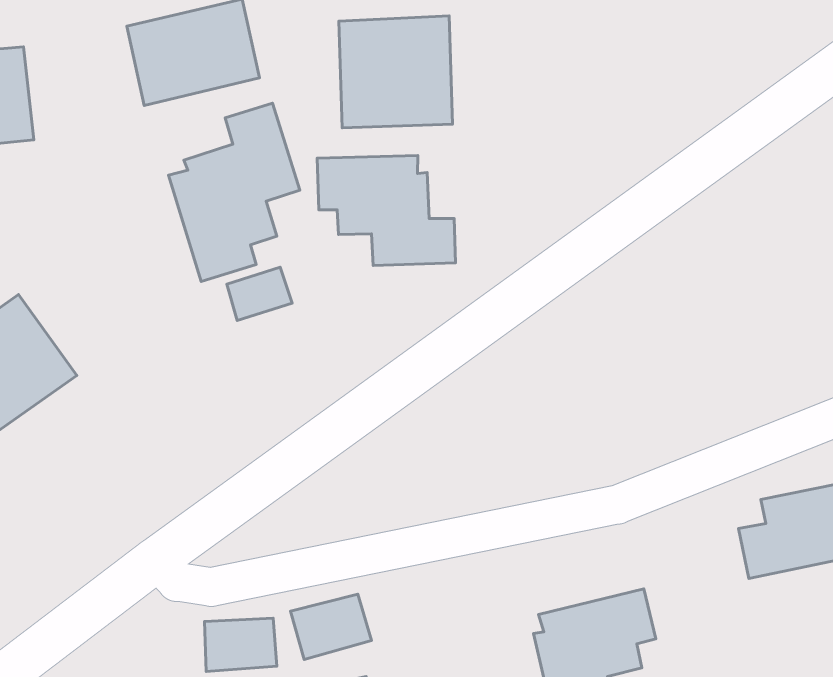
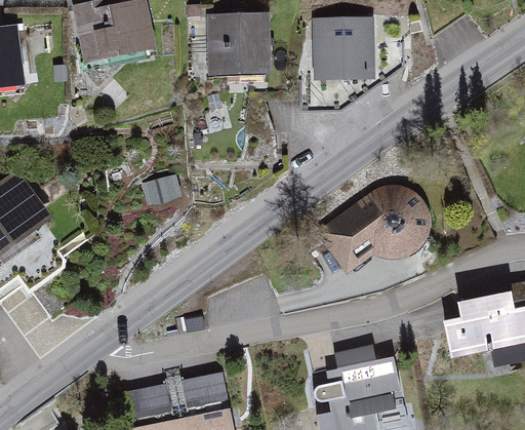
building: none -> [317,17,375,77]
building: [169,103,300,282] -> none
building: [317,155,456,266] -> none
building: none -> [316,187,433,277]

